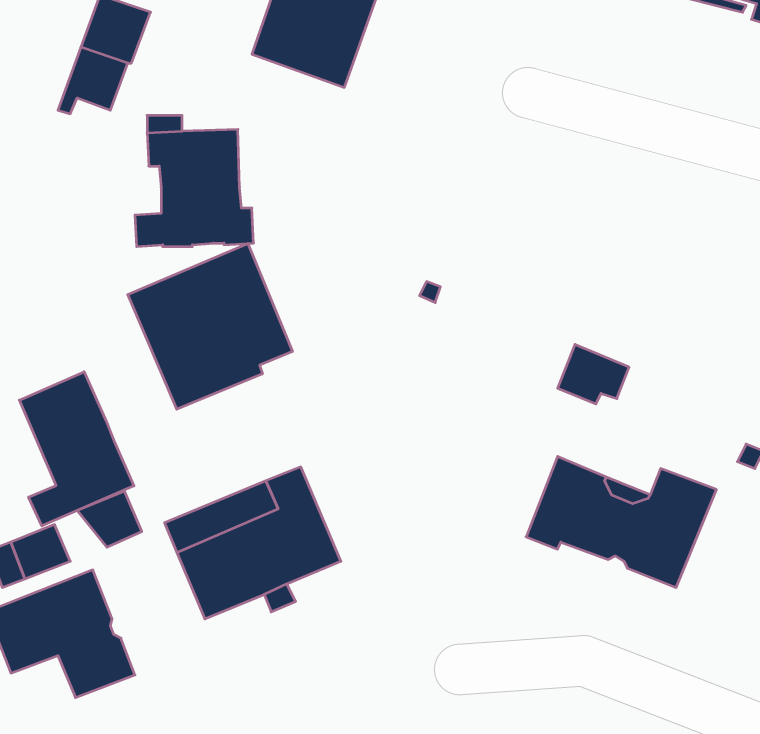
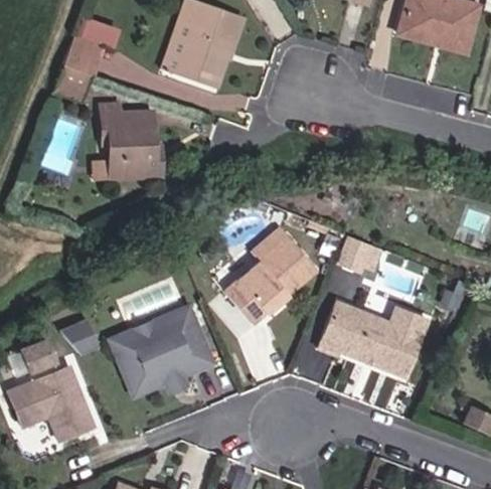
building: [128,243,292,409] -> none
building: none -> [224,227,316,323]
building: [19,372,134,526] -> none

